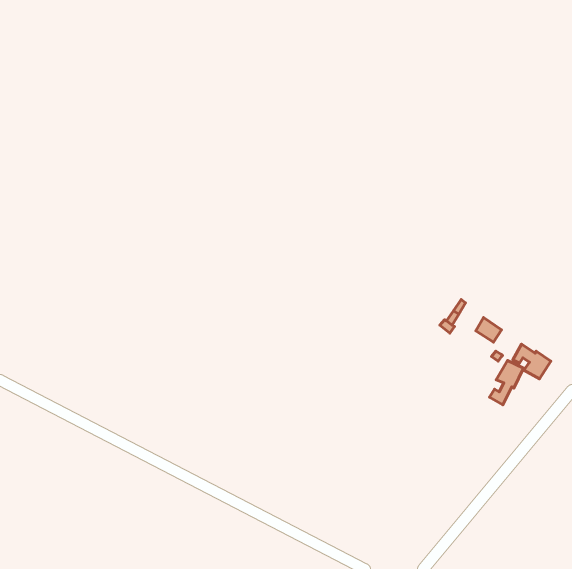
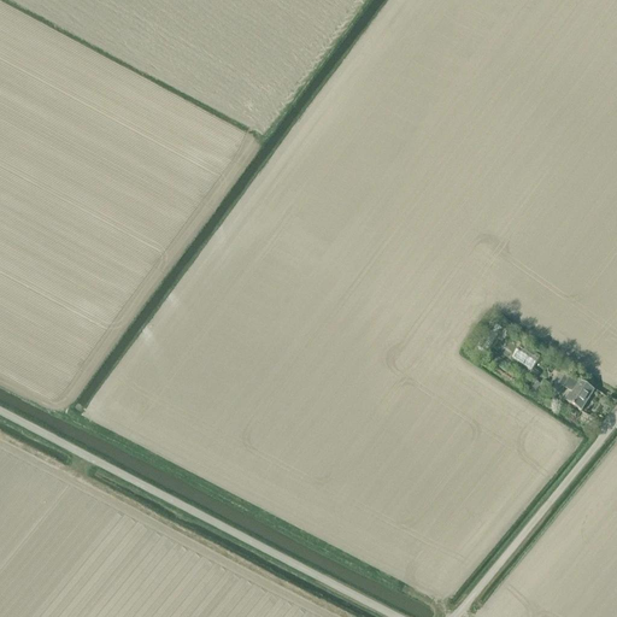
building: [489,360,524,405] -> none

